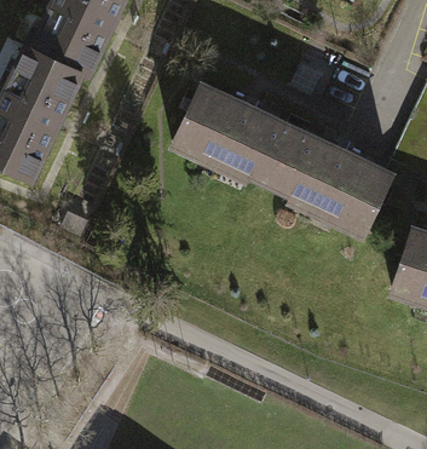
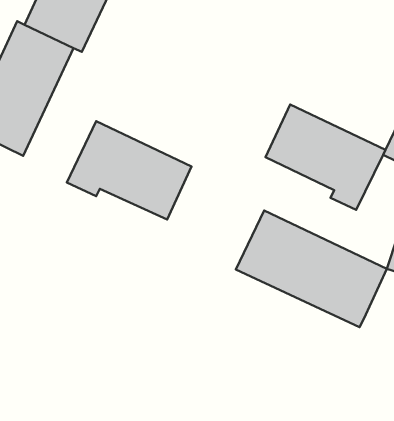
building: [171,82,294,179] -> [67,121,192,219]
building: none -> [236,210,387,327]

